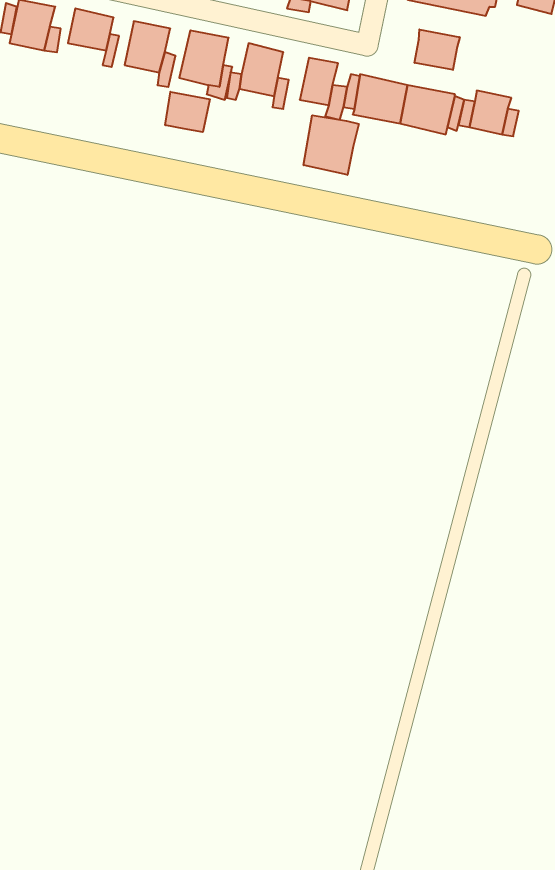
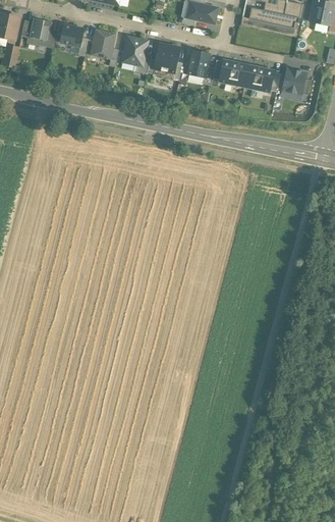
building: [415,29,460,70] -> none
building: [165,92,210,132] -> none
building: [304,115,359,175] -> none

